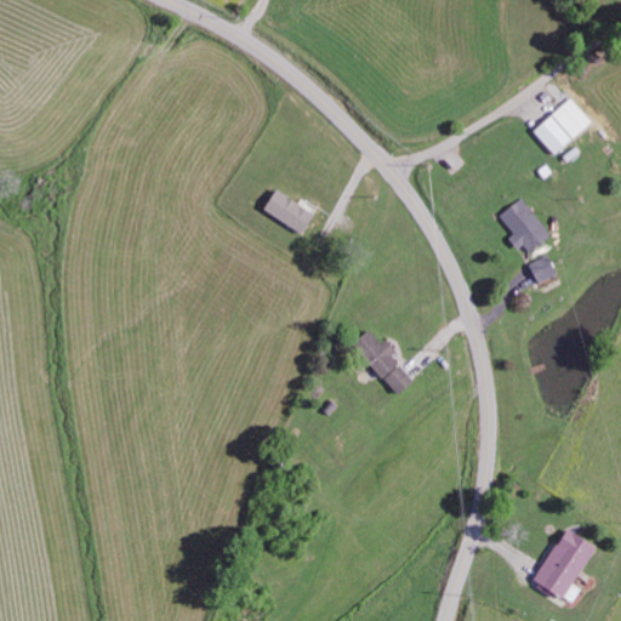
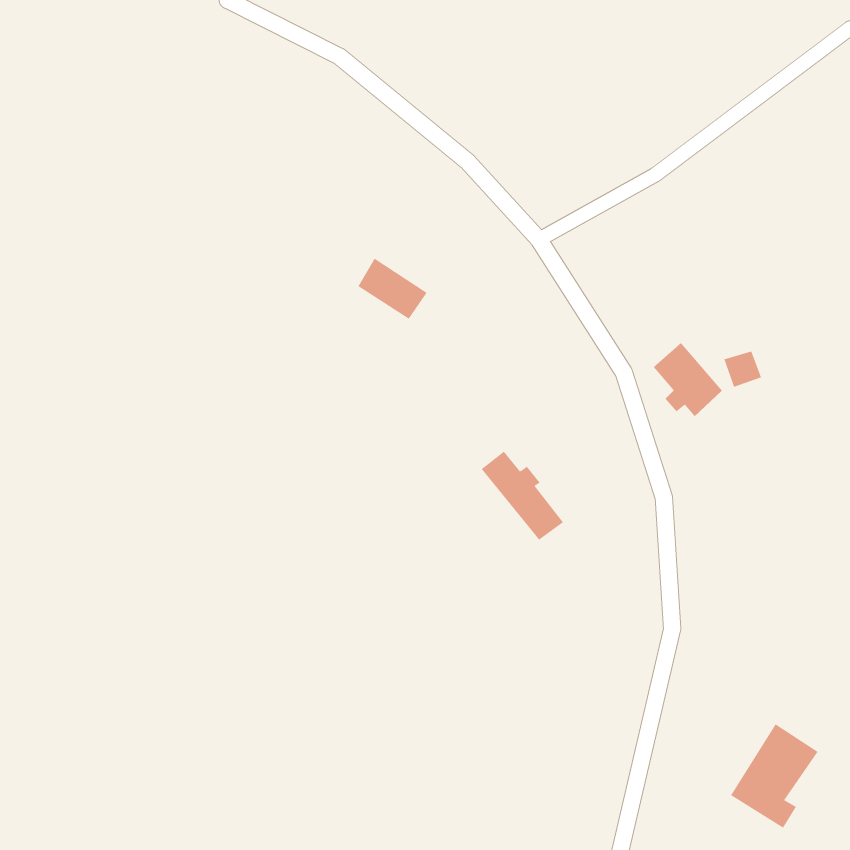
building: [534,96,594,155] -> none
building: [500,198,551,252] -> [653,342,723,417]

